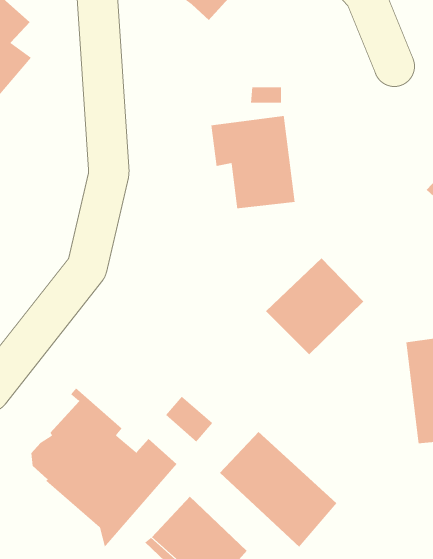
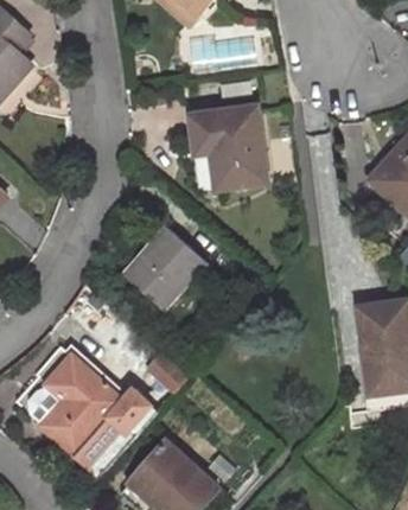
building: [265,258,364,355] -> [125,228,210,312]
building: [219,431,337,548] -> none

